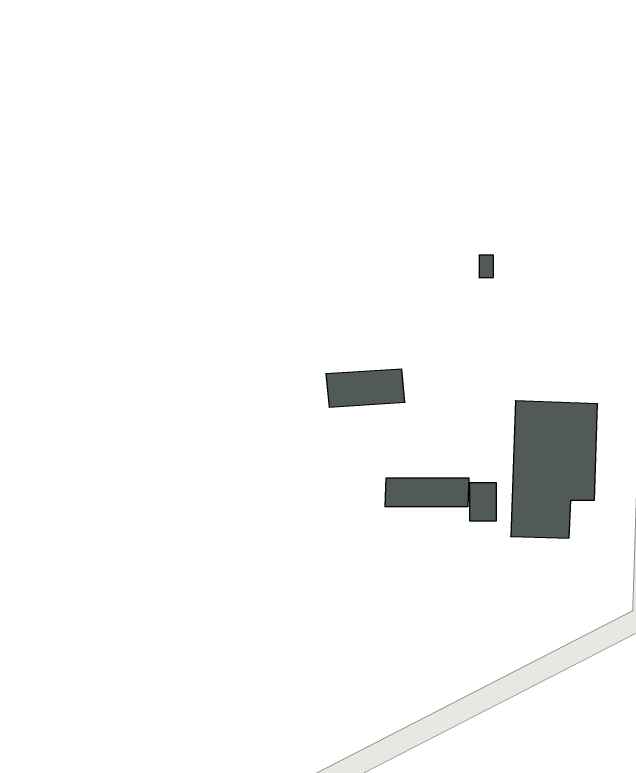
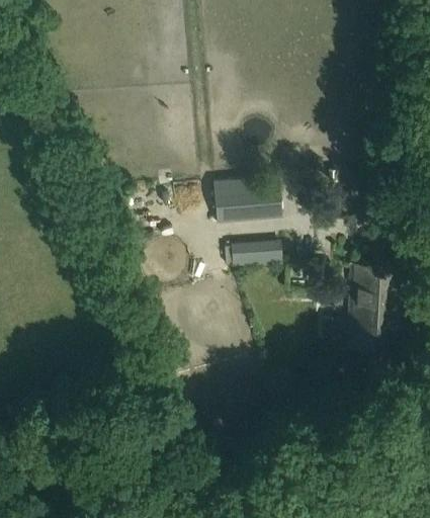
building: none -> [212,174,281,222]
building: [385,478,469,507] -> none

